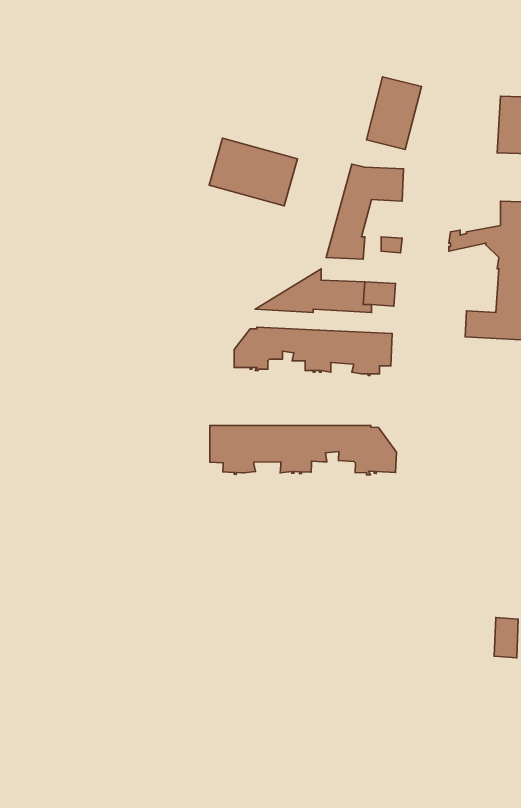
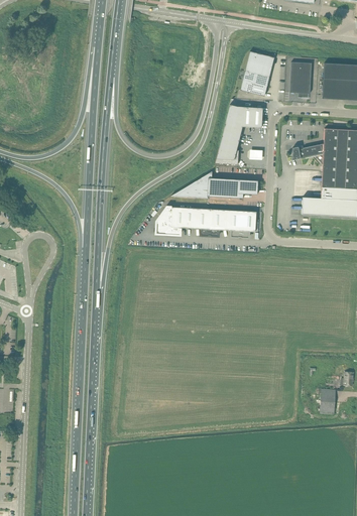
building: none -> [289,61,312,97]
building: [209,138,298,206] -> none
building: [210,425,396,475] -> none

